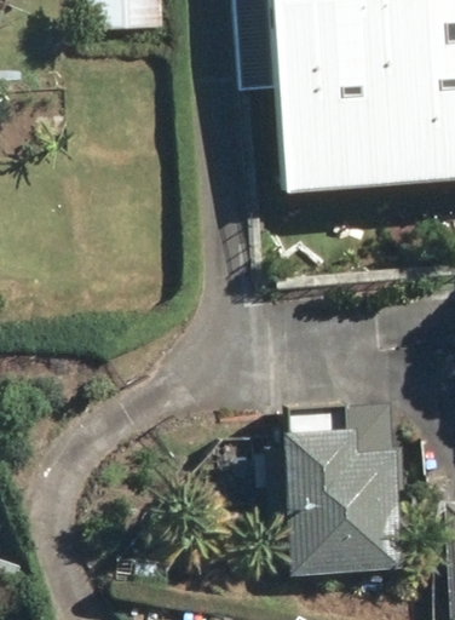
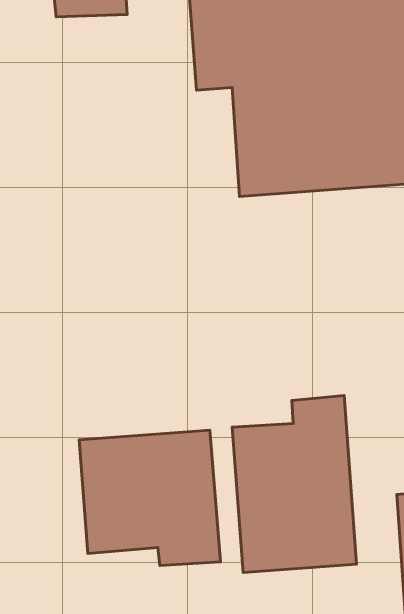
building: none -> [79,430,220,566]

